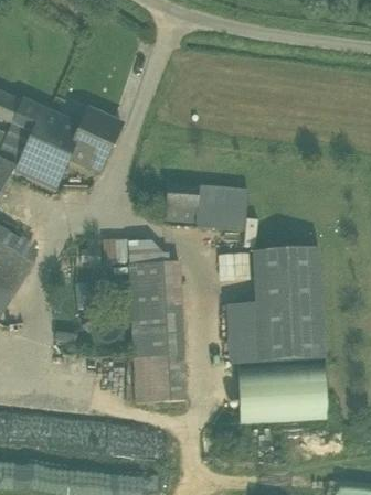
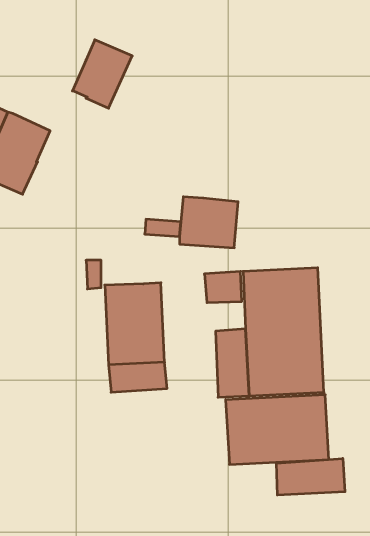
building: [68,109,121,170] -> [72,40,132,108]
building: [166,183,199,207] -> none
building: [128,240,163,263] -> none
building: [135,355,187,401] -> none
building: none -> [277,458,345,495]

